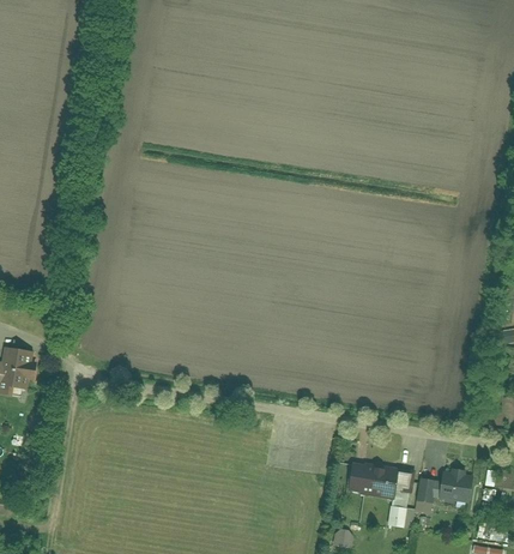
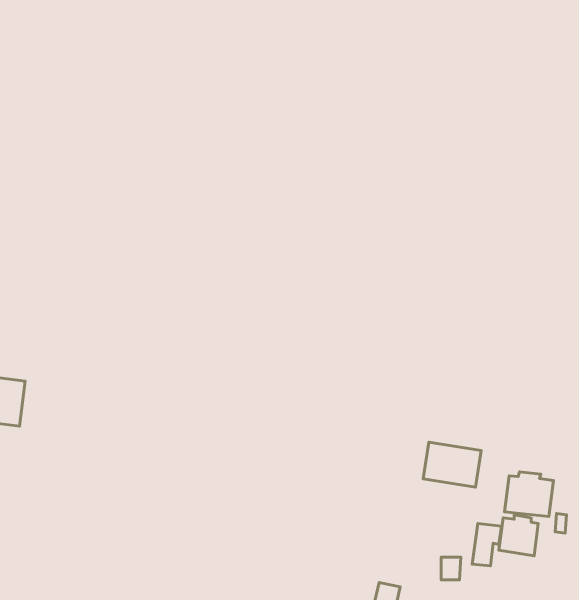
building: none -> [504,472,554,516]
building: [347,458,397,496] -> [423,442,481,487]

